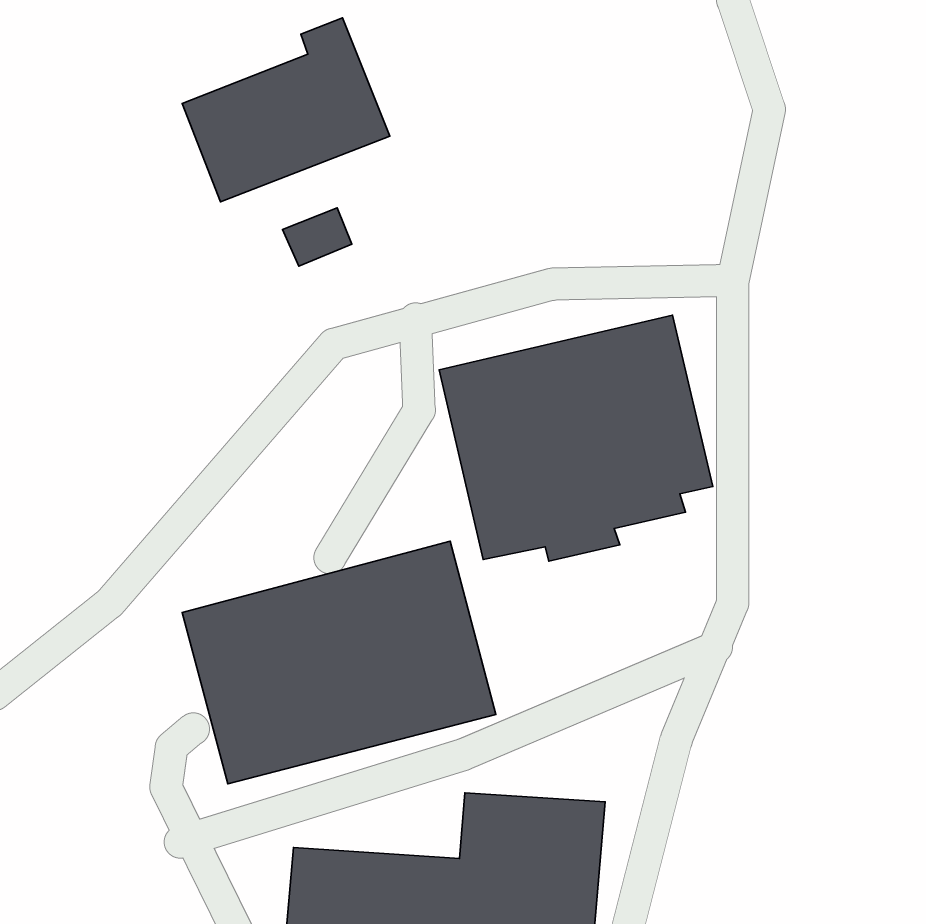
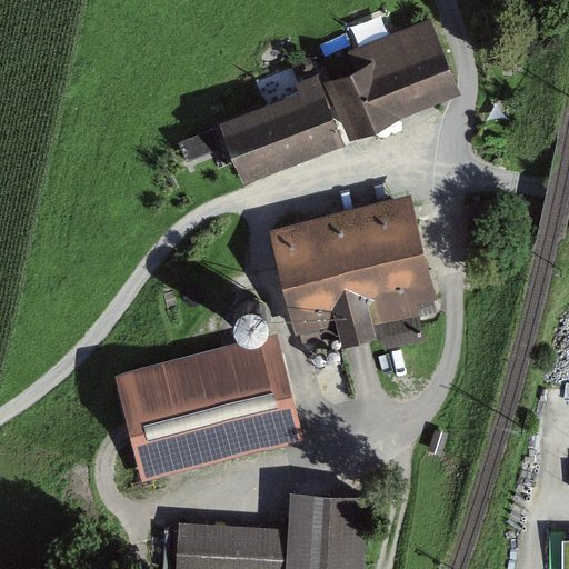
building: [182,18,390,202] -> [218,73,345,186]
building: none -> [326,18,460,140]

